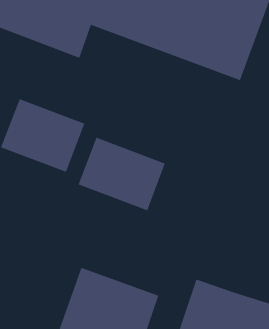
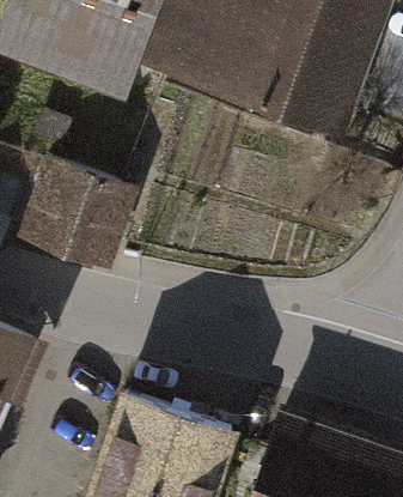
building: [78,137,166,211] -> none

